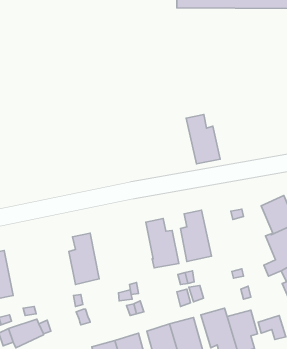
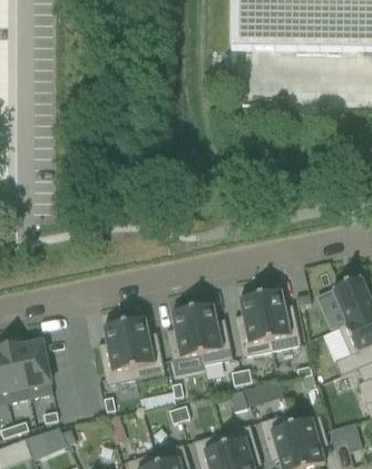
building: [186,114,220,164] -> [260,291,301,351]
building: none -> [166,310,200,361]
building: none -> [124,319,164,379]
building: none -> [19,342,52,399]

